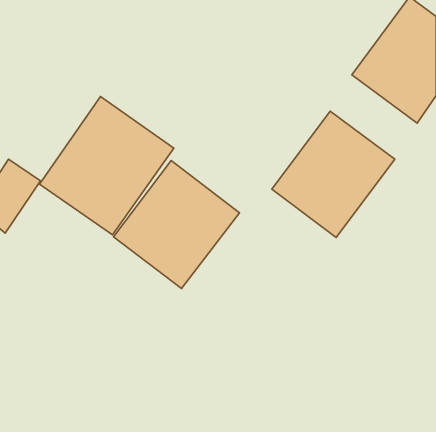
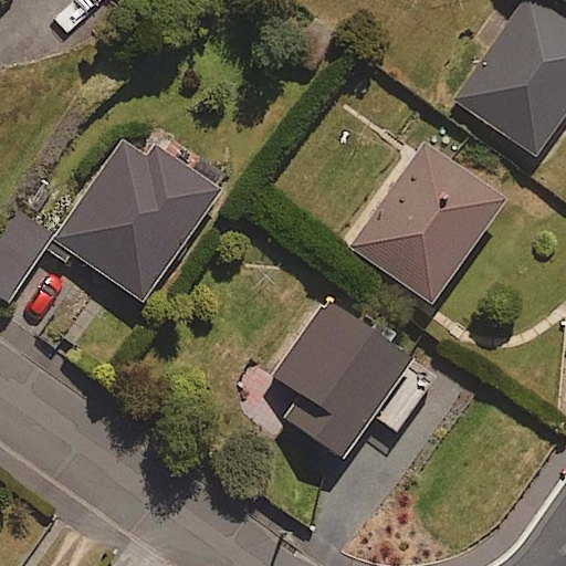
building: [113,161,239,288] -> none
building: none -> [271,300,413,461]

